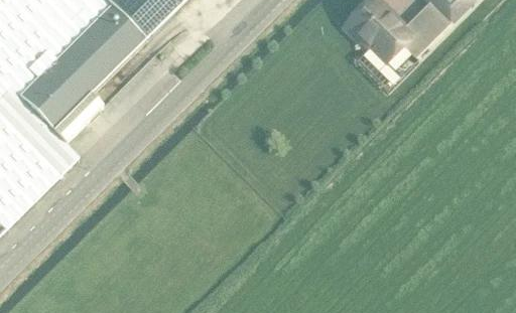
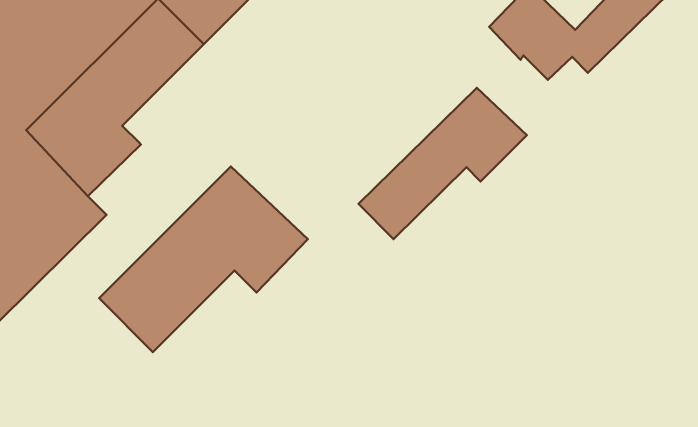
building: none -> [359,88,527,239]
building: none -> [99,166,308,352]

